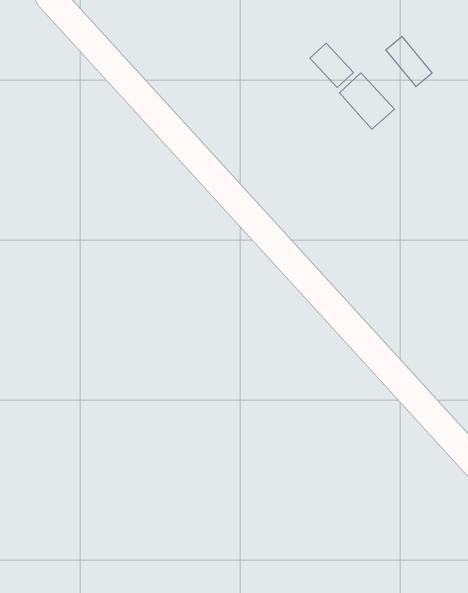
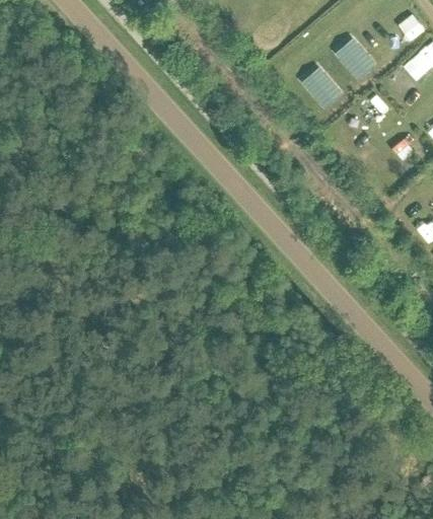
building: [310,43,353,87] -> none

